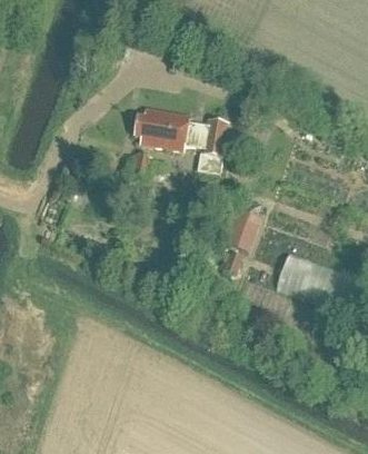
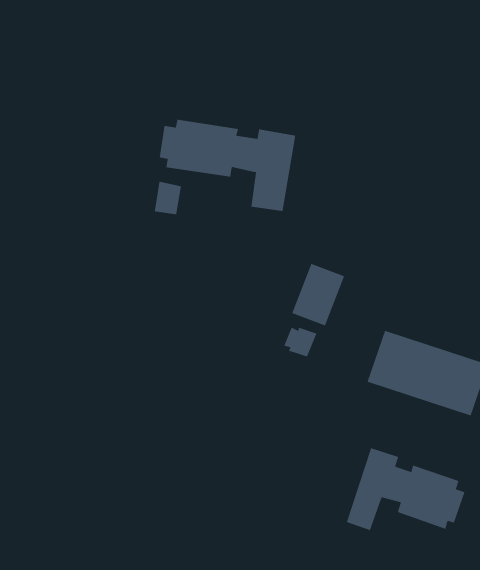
building: none -> [346,447,465,531]

